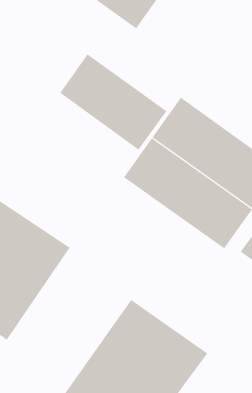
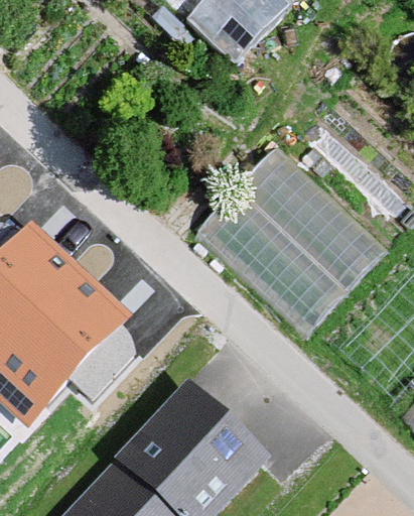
building: [60,54,167,150] -> none

